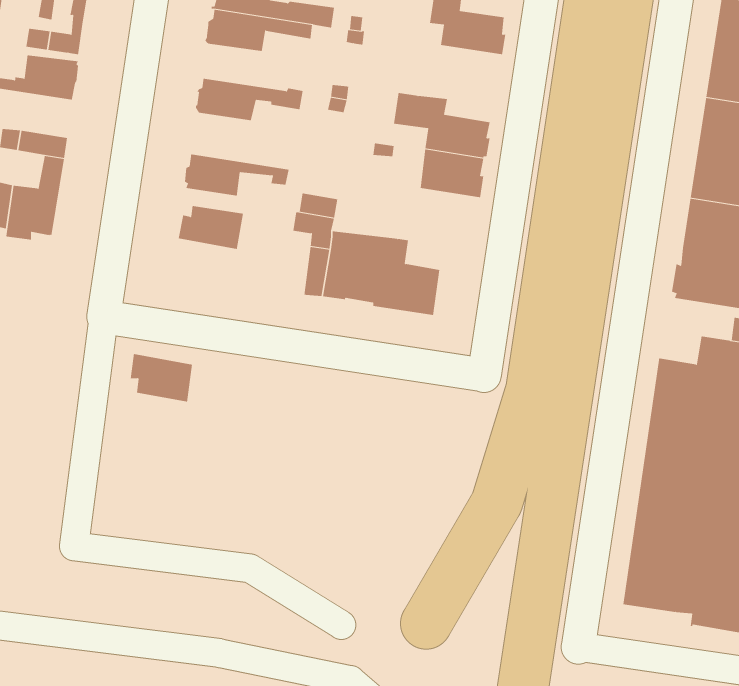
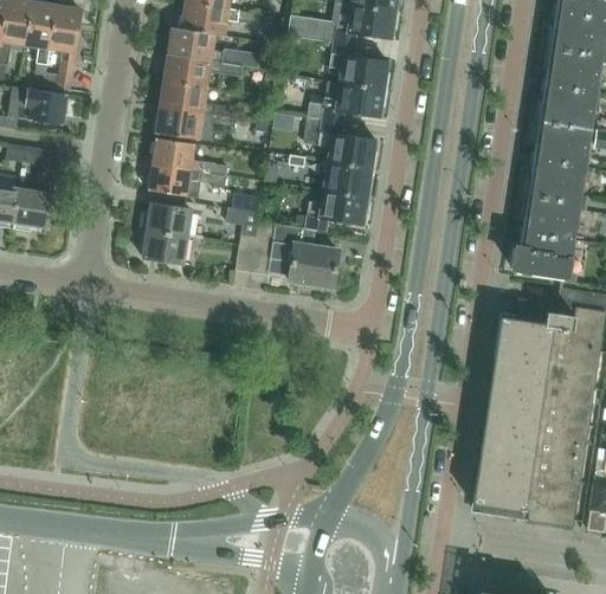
building: none -> [160,80,226,116]
building: none -> [308,82,387,122]
building: none -> [152,137,227,175]
building: none -> [308,189,370,231]
building: [130,354,193,402] -> [140,227,187,264]

